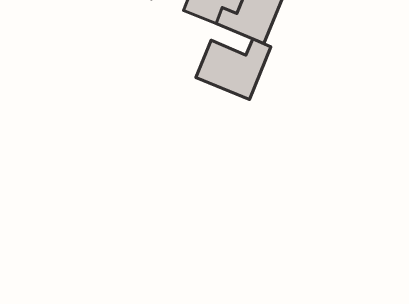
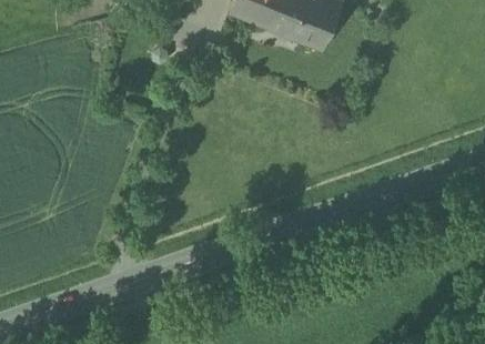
building: [196,39,271,100] -> none

